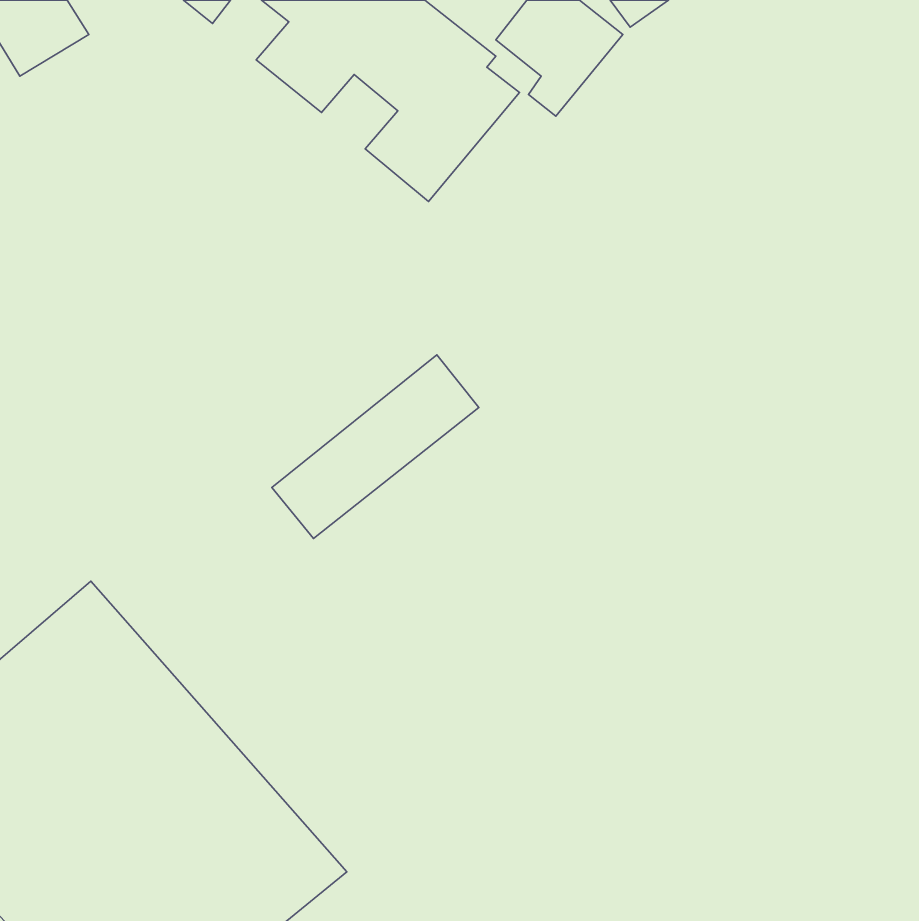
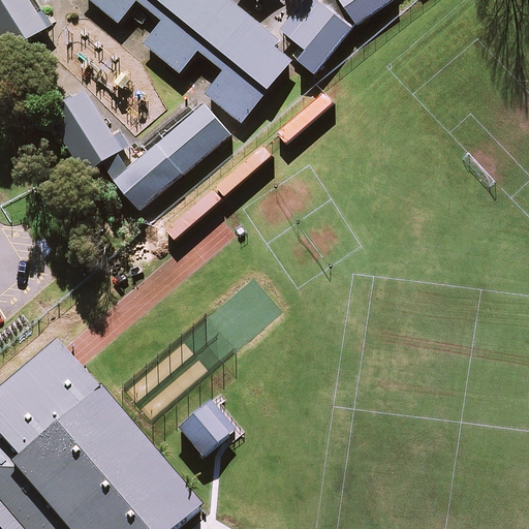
building: none -> [52,87,126,168]
building: [272,355,479,538] -> [115,100,232,205]

